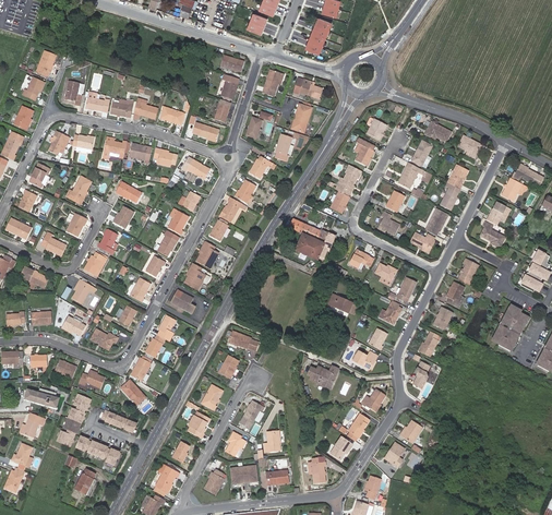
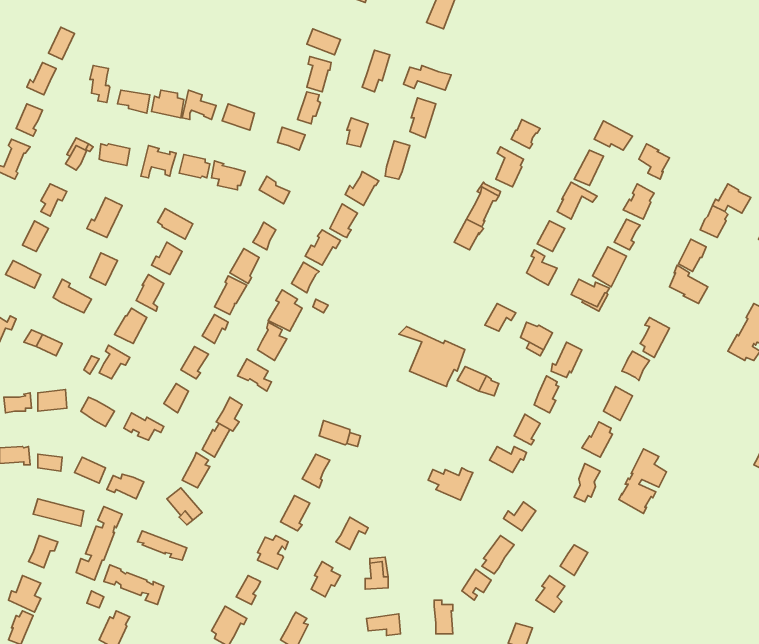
building: [287,218,334,261] -> [399,327,465,386]
building: [493,303,527,349] -> [619,449,667,513]
building: [228,465,256,484] -> none

